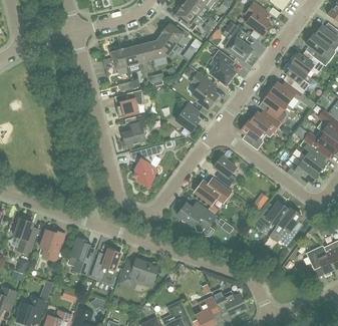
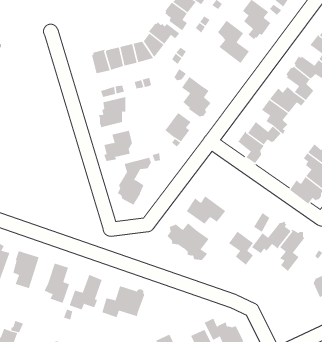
building: [210,49,236,84] -> none
building: [213,155,236,187] -> [228,231,254,266]

